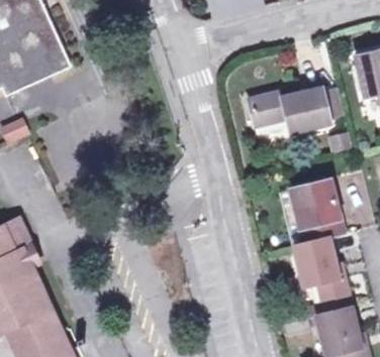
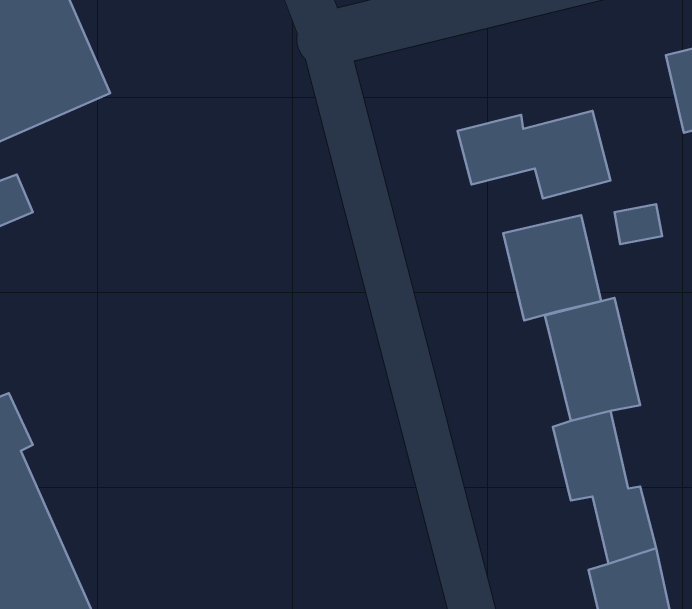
building: none -> [503,215,601,320]

